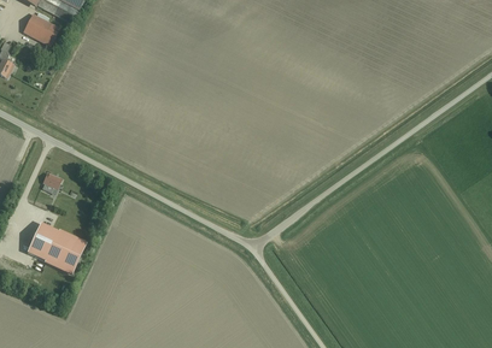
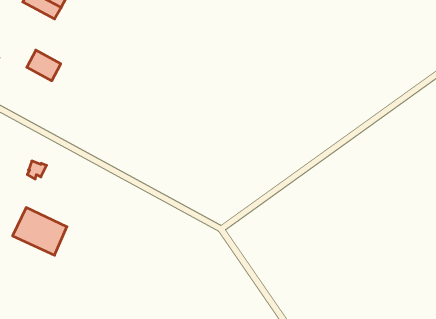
building: [23,12,59,45] -> [27,50,61,81]

